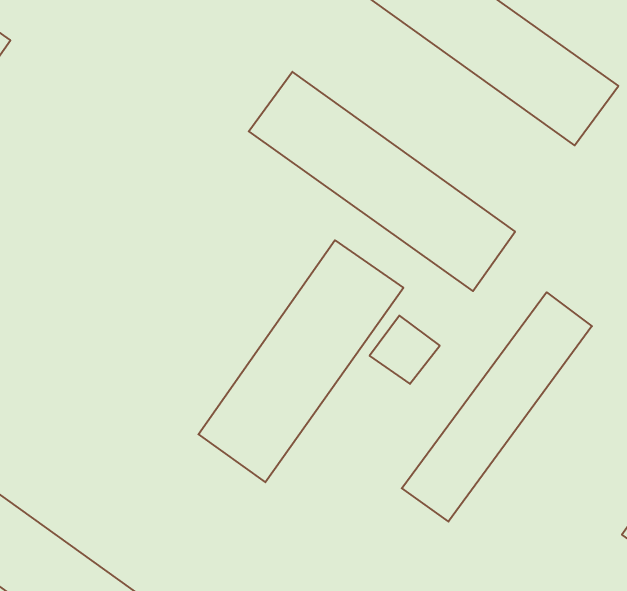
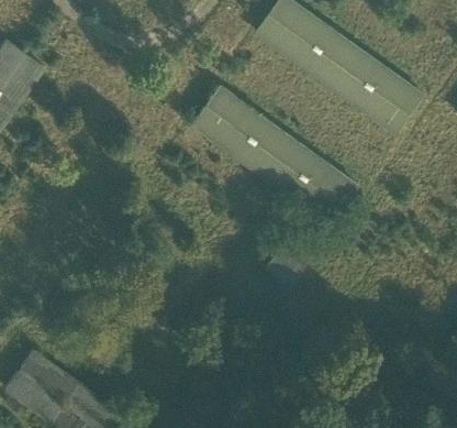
building: [198,240,403,482] -> none
building: [402,292,592,522] -> none

